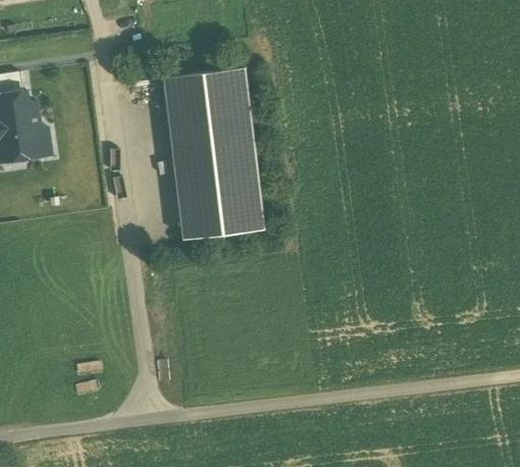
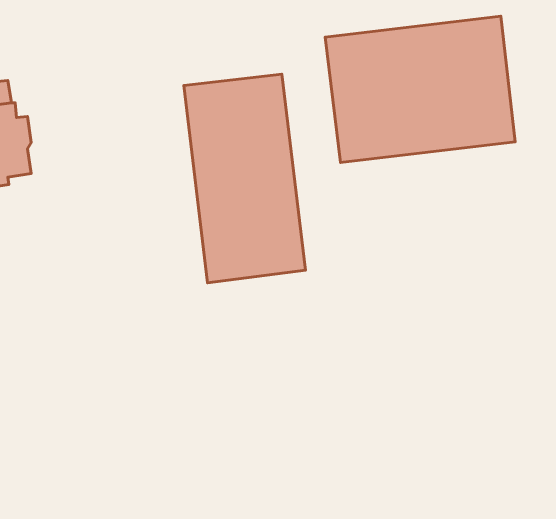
building: none -> [325,16,515,162]

